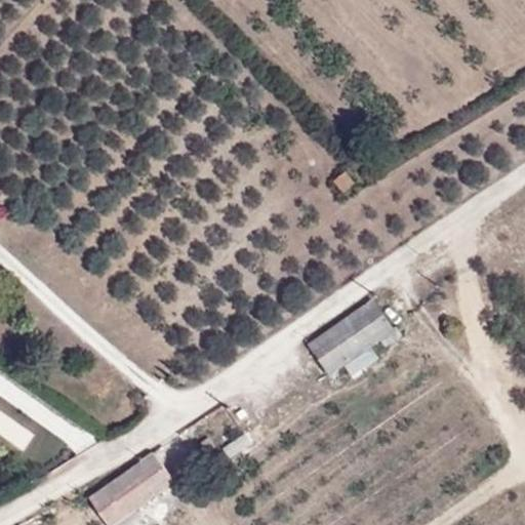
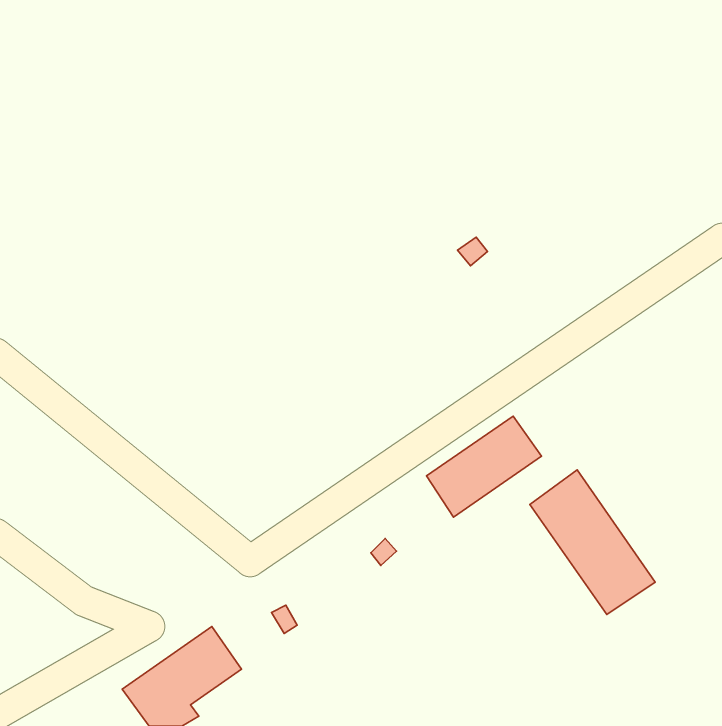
building: none -> [530,470,655,615]

